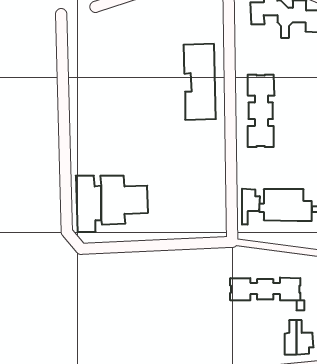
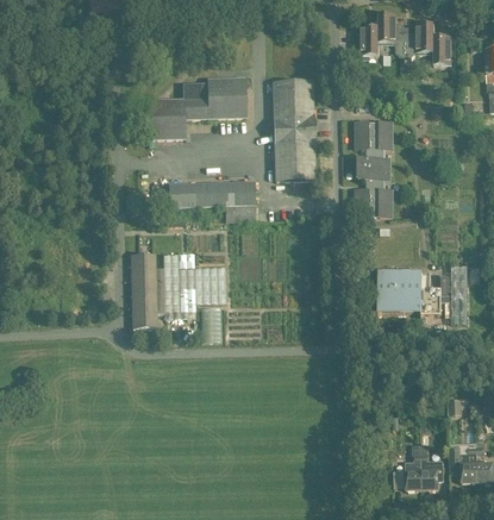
building: none -> [145,77,244,138]
building: none -> [168,181,255,219]
building: [242,189,260,225] -> none
building: [230,277,300,300] -> none

